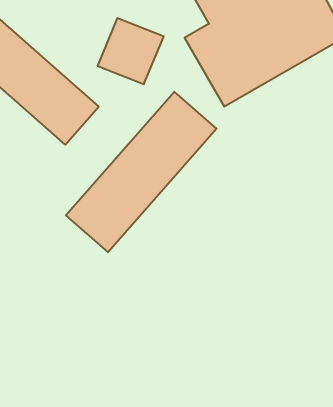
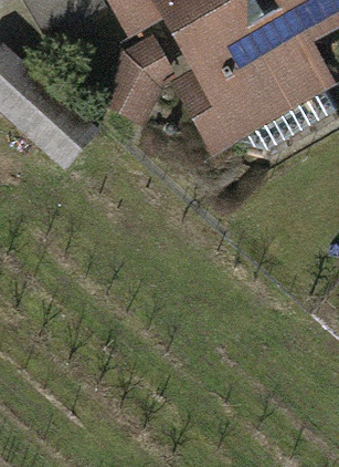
building: [66,92,217,252] -> none

